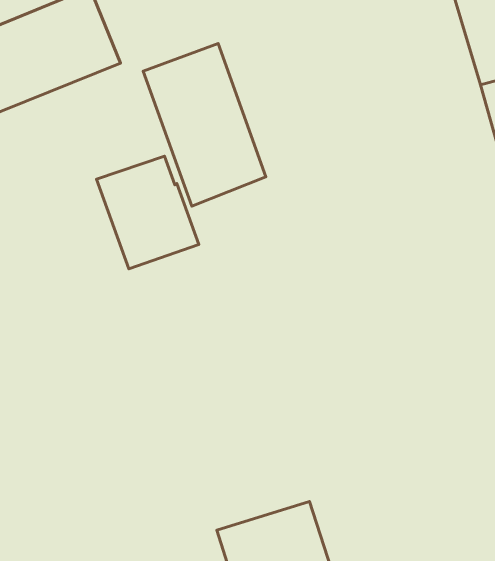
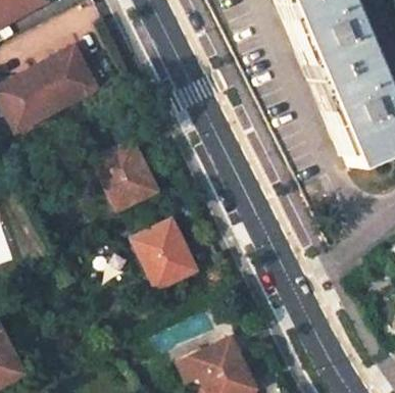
building: [143,43,266,206] -> none
building: none -> [132,218,196,289]

